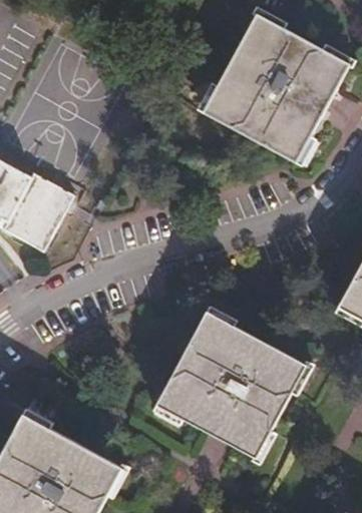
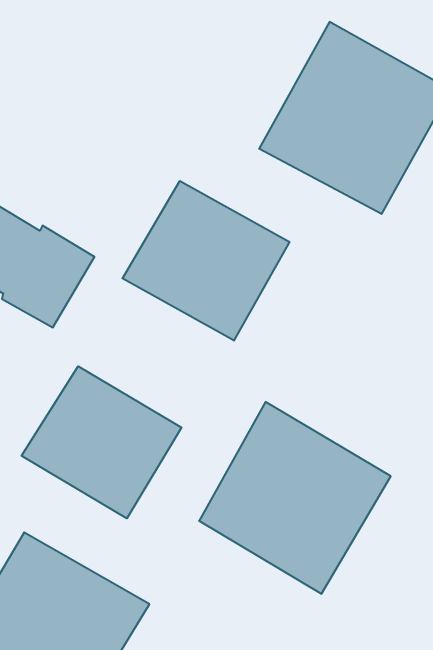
building: none -> [122,181,289,341]
building: none -> [22,366,181,518]

